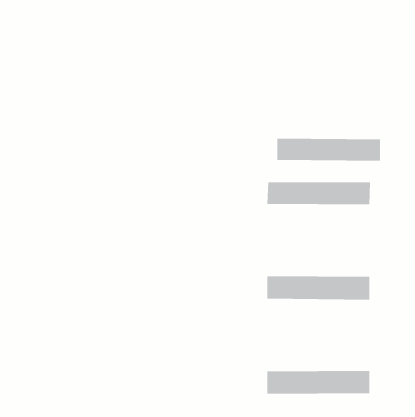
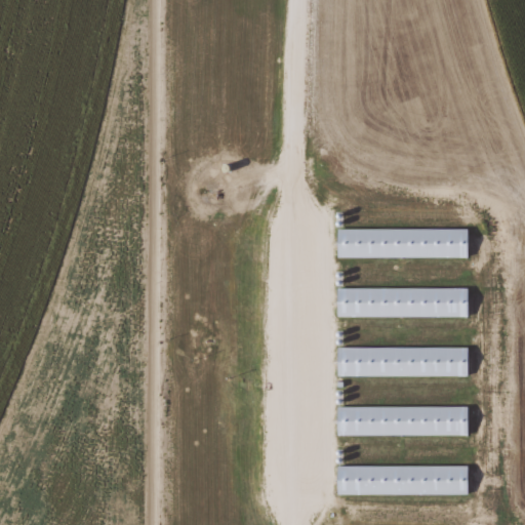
building: [276,138,381,161] -> [337,288,469,317]
building: none -> [337,406,468,436]

